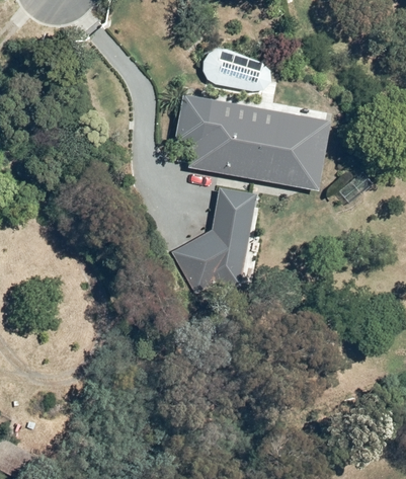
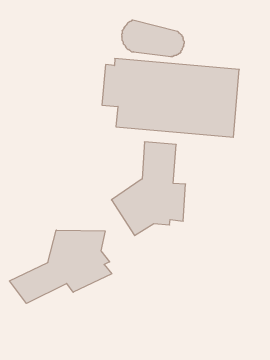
building: none -> [9,230,112,303]

